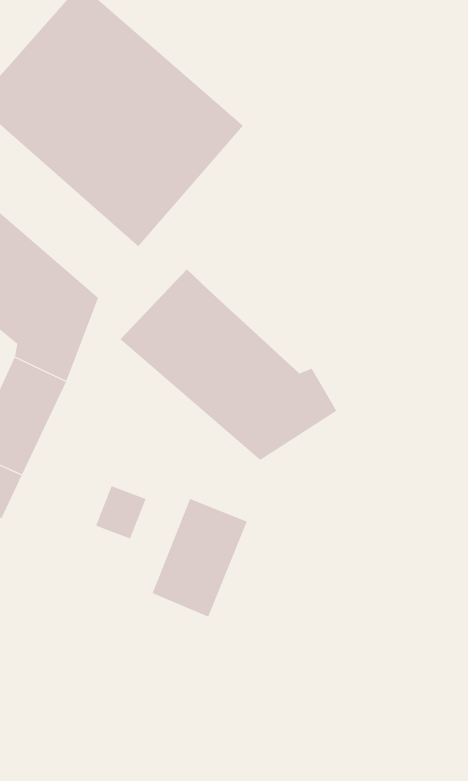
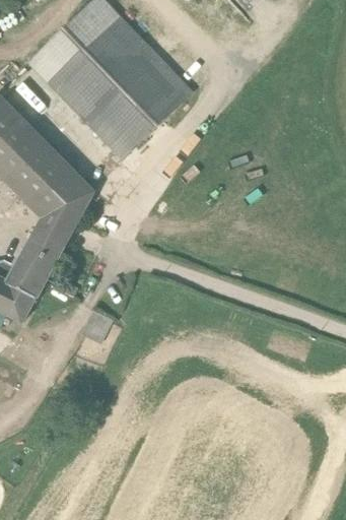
building: [120,269,337,461] -> none
building: [152,498,248,618] -> none

